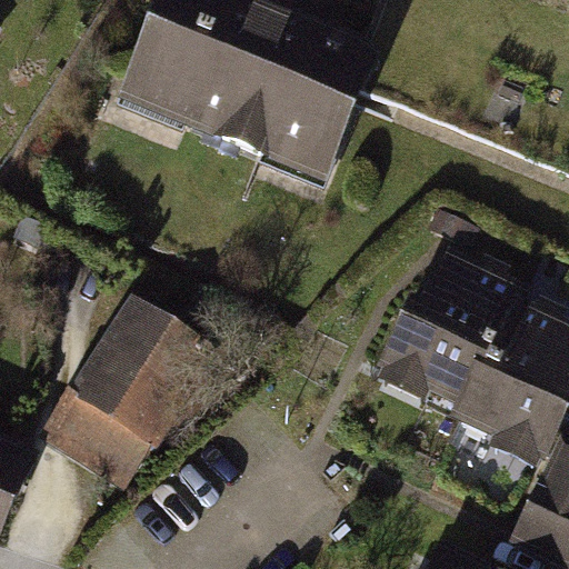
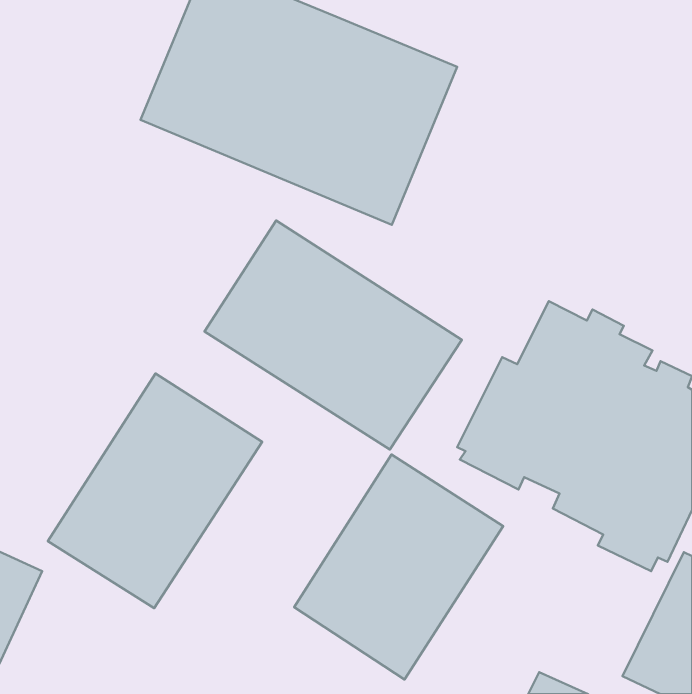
building: none -> [204,220,462,449]
building: none -> [294,454,503,679]

